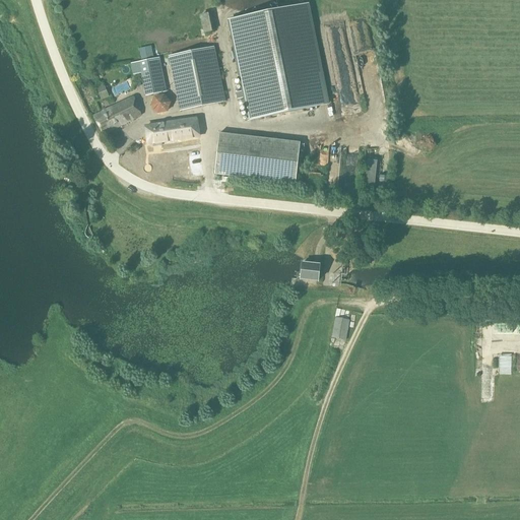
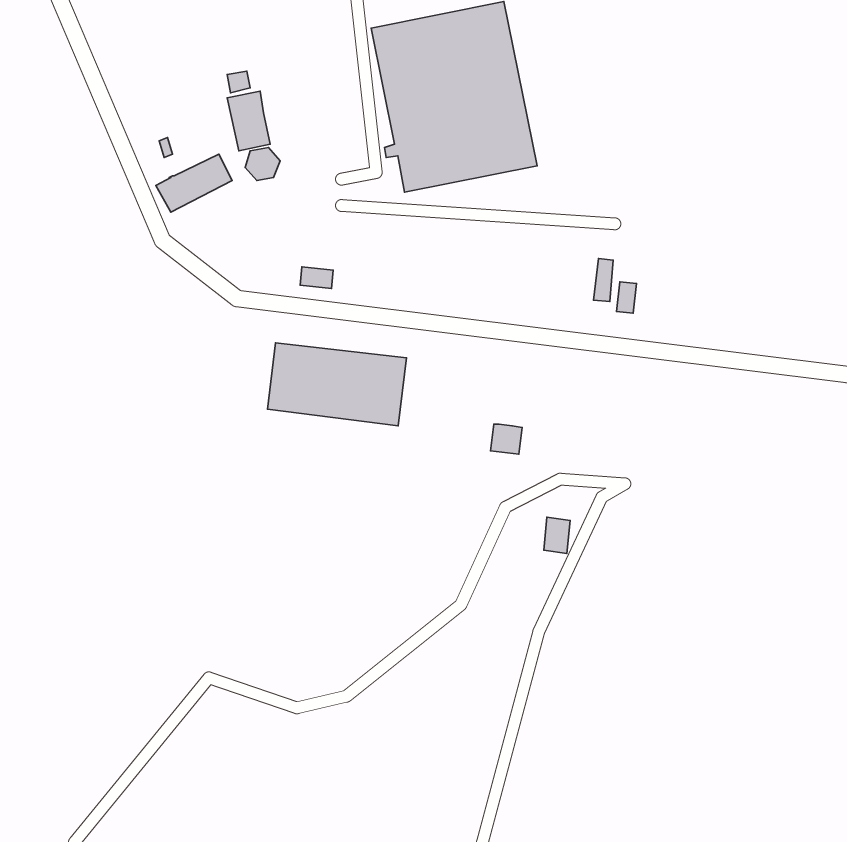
building: [169,44,225,108] -> none
building: [145,115,198,140] -> none
building: [214,131,300,182] -> [267,343,407,426]

